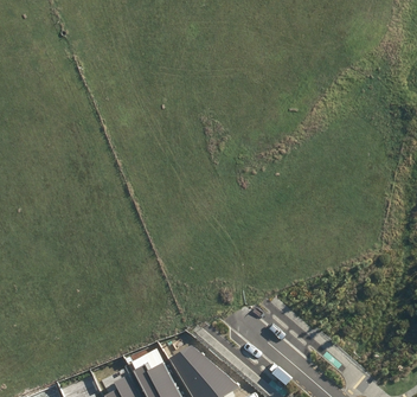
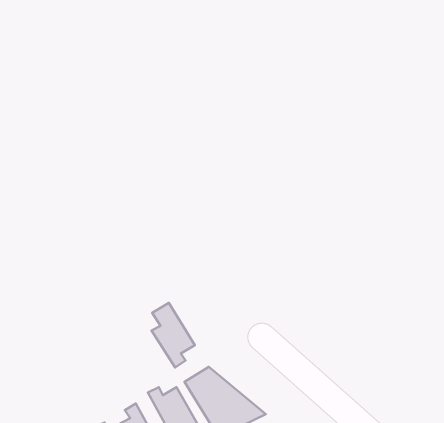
building: none -> [152,303,195,367]

